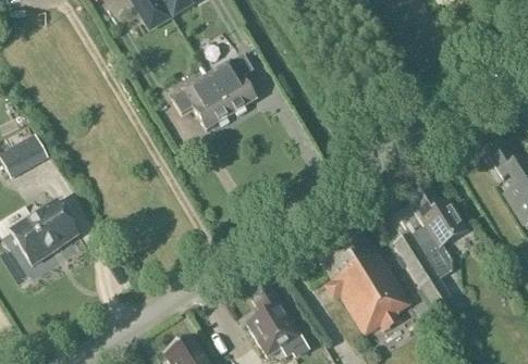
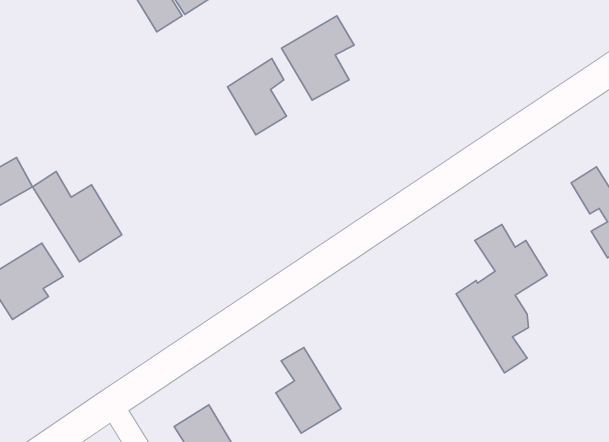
building: none -> [282,16,354,100]
building: [172,74,231,128] -> none
building: none -> [32,171,122,262]
building: [318,227,410,332] -> none

